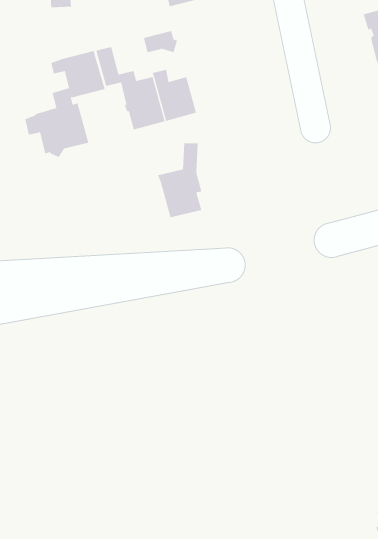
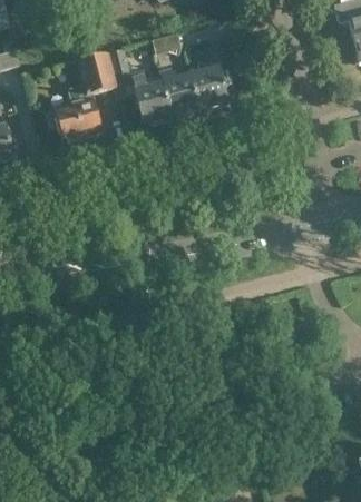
building: [157,143,202,218] -> [187,40,227,107]

